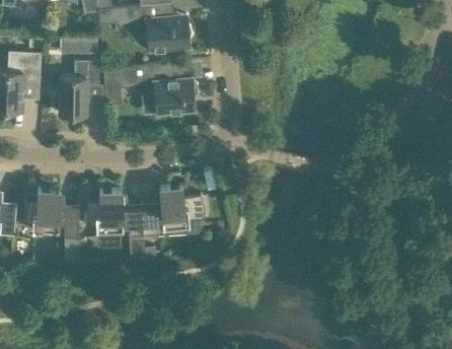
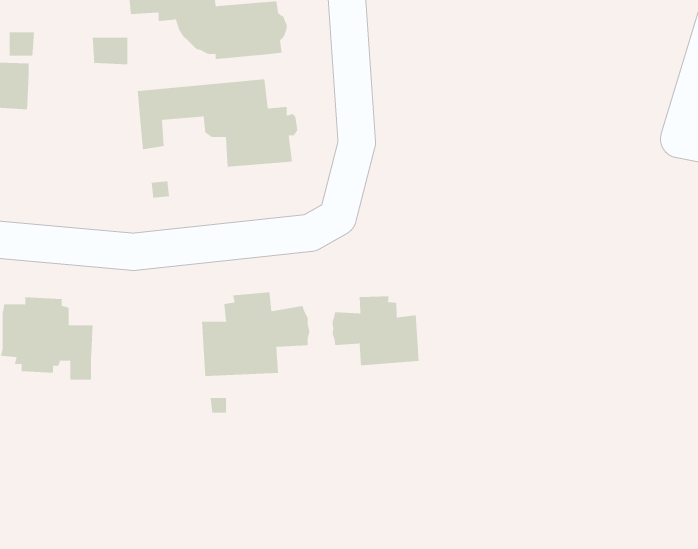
building: [60,62,99,116] -> none
building: none -> [332,296,419,366]
building: [88,192,144,238] -> none

